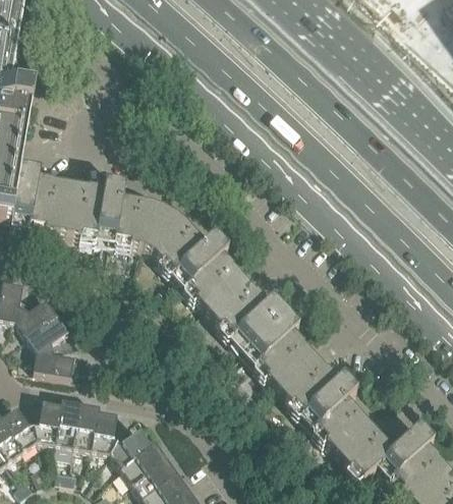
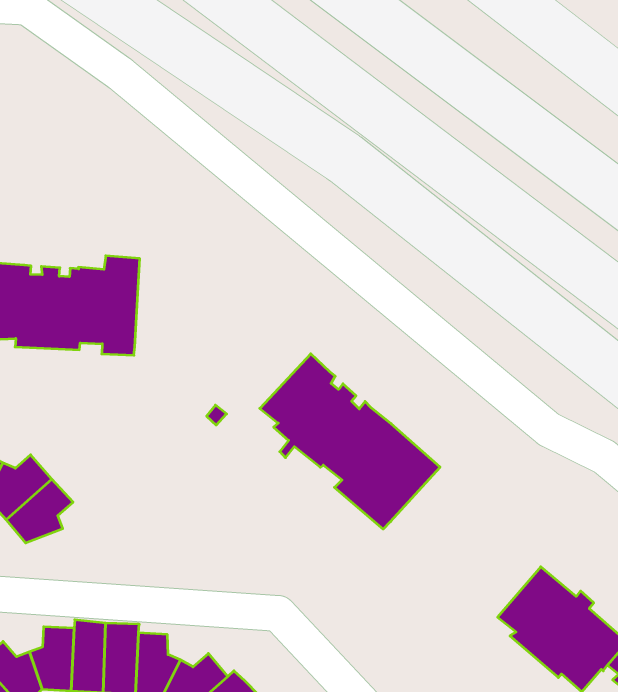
building: [117,198,228,285] -> none
building: [260,330,357,428] -> none
building: [35,341,75,373] -> none

